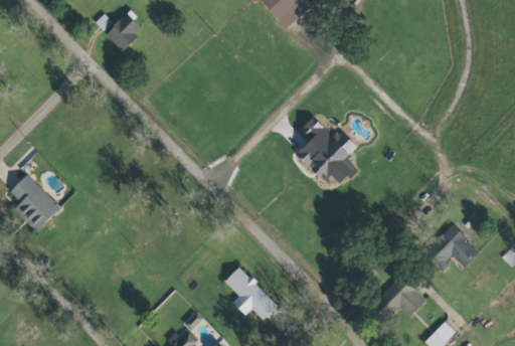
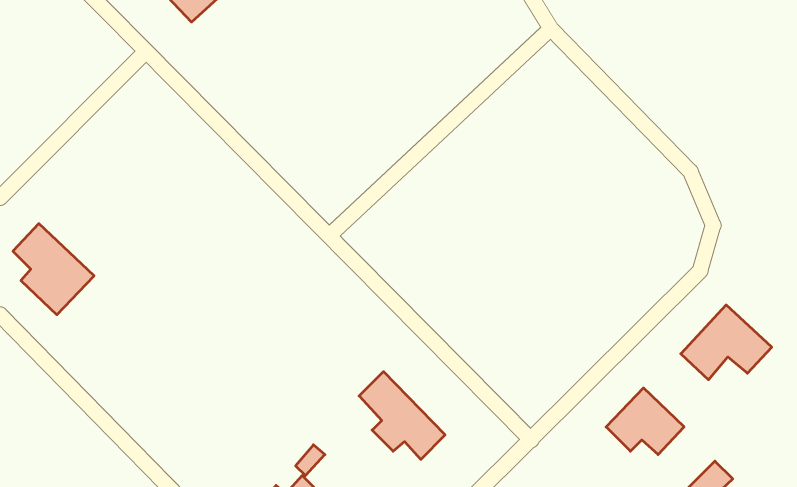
building: [297,117,357,188] -> none

